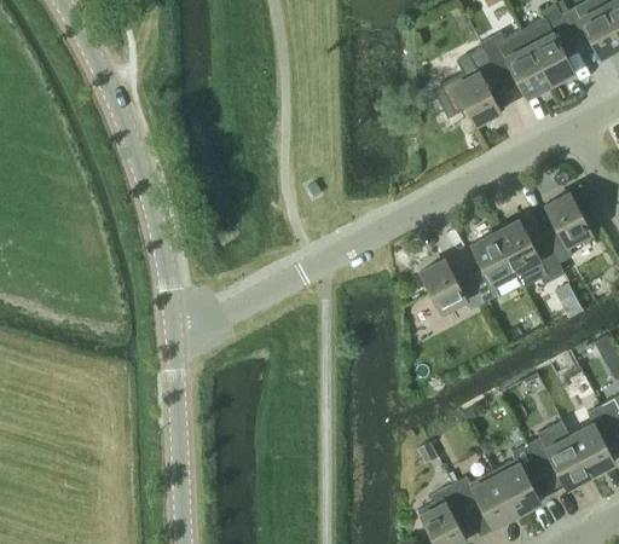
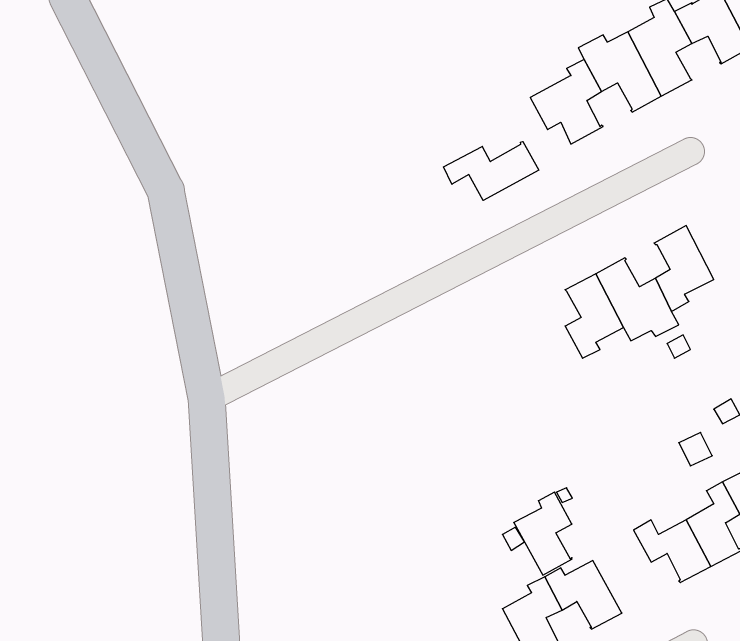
building: none -> [444,142,539,200]
building: [420,259,484,317] -> none
building: [492,445,540,514] -> [514,492,572,575]

